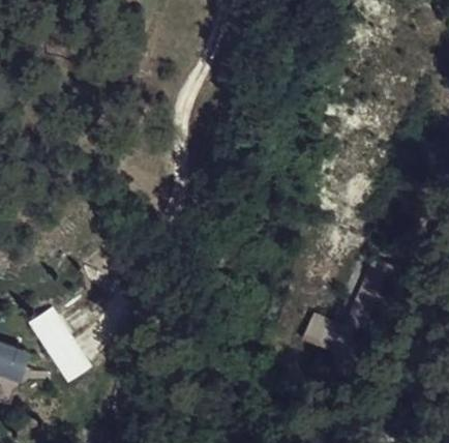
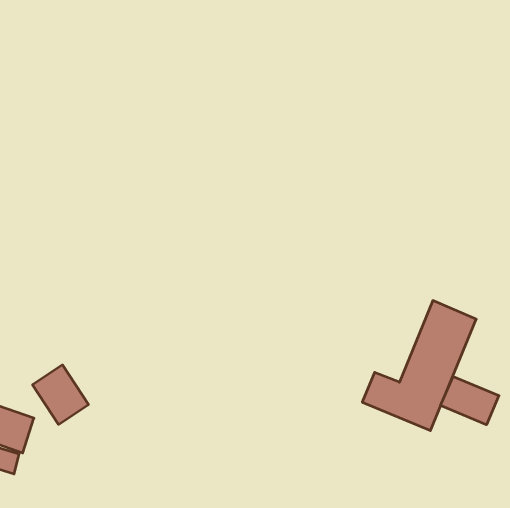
building: none -> [441,377,499,425]
building: [50,342,91,382] -> none

